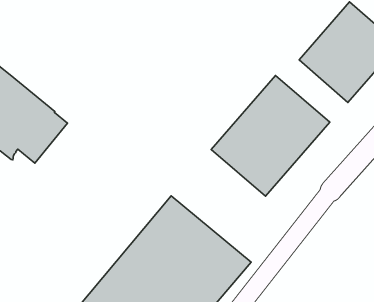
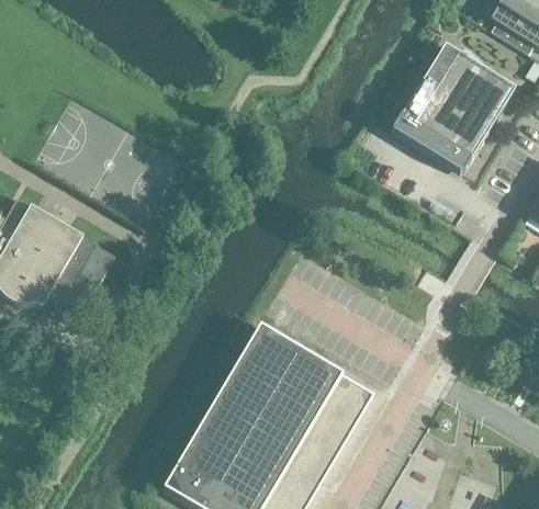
building: [211,75,330,196] -> none

